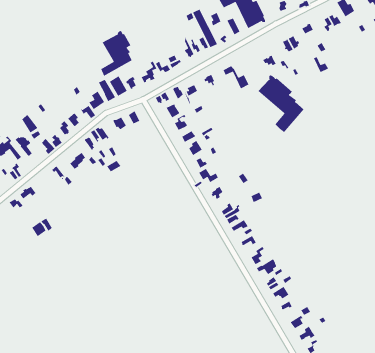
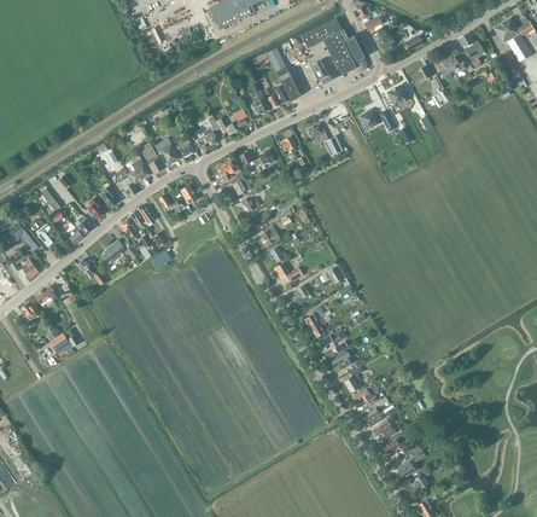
building: [100,30,133,77] -> none
building: [258,74,305,133] -> none

